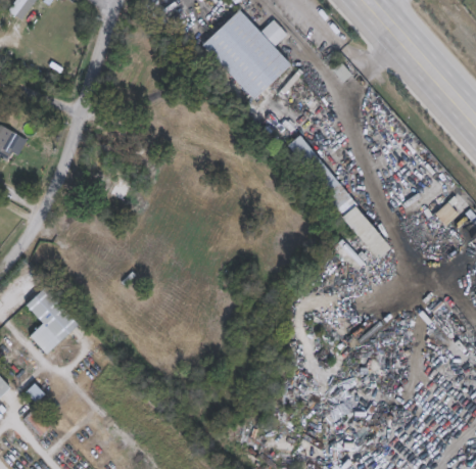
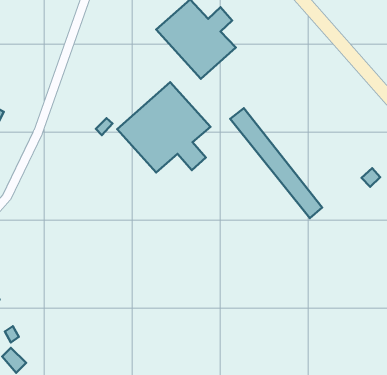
building: none -> [117,82,210,173]
building: [26,287,78,354] -> none

